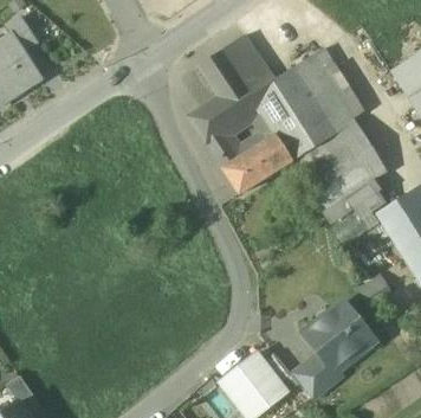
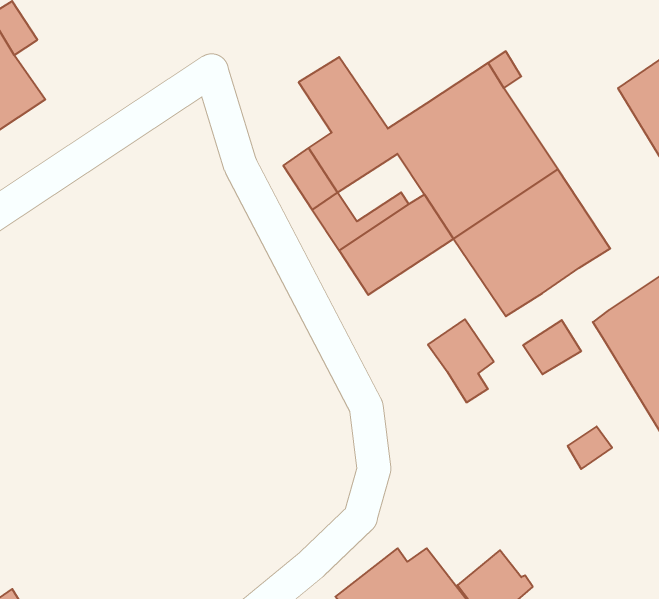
building: [221,34,274,94] -> none
building: [345,179,386,230] -> [428,319,494,402]
building: [304,301,373,368] -> none

